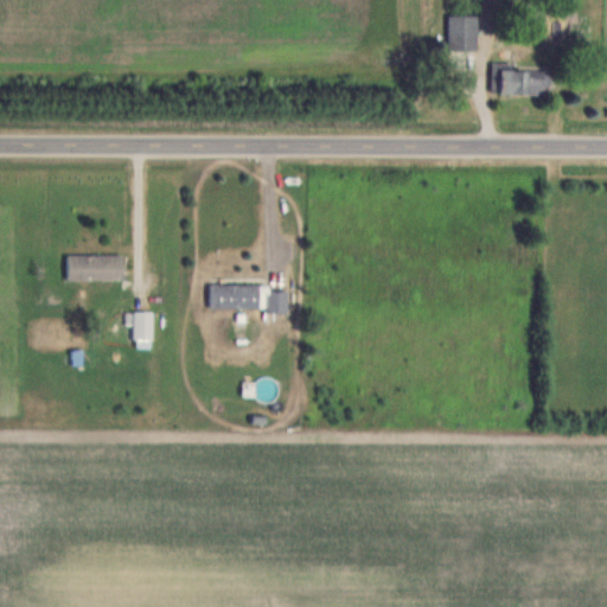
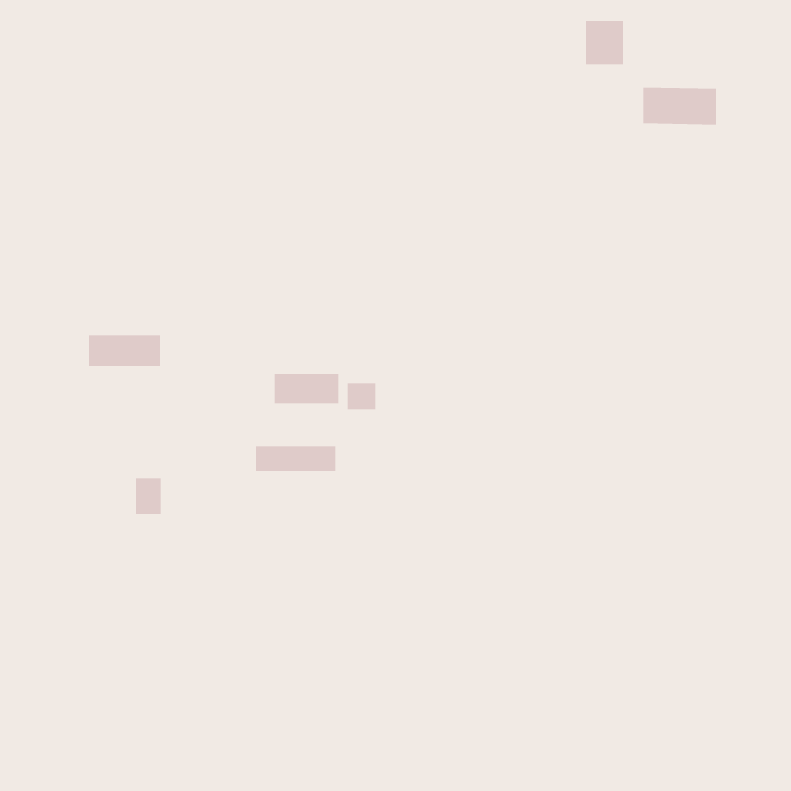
building: [133,313,153,341] -> [135,478,161,515]
building: none -> [255,446,336,472]

